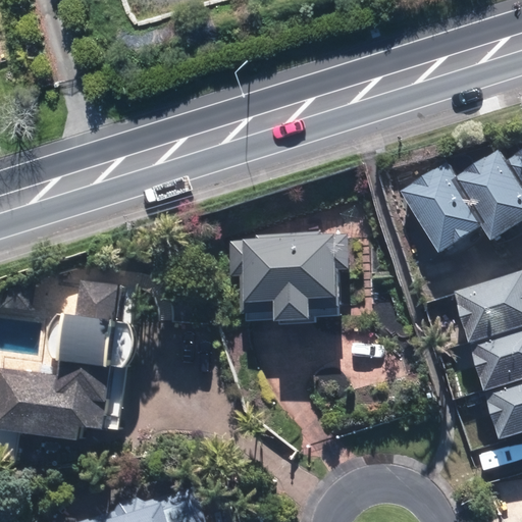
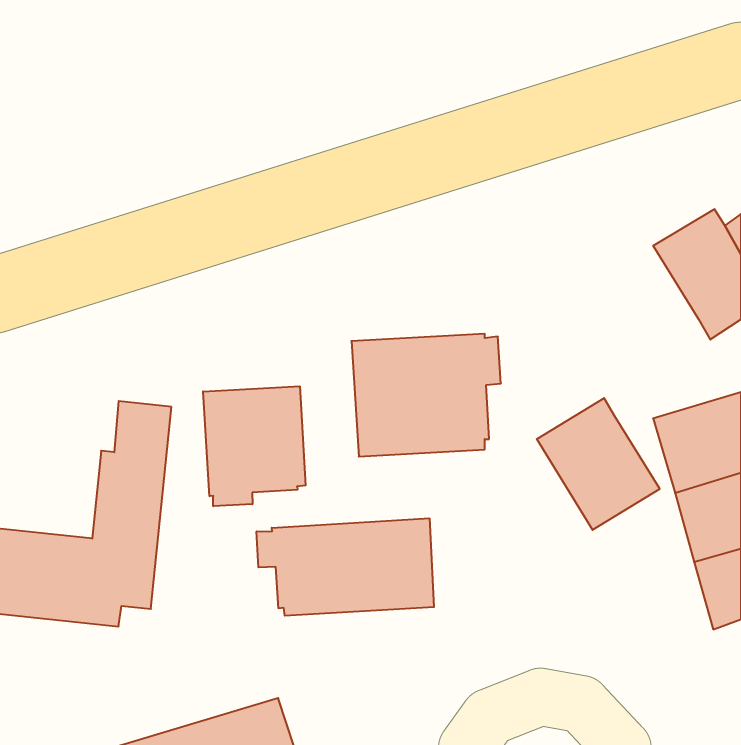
building: [401,161,486,253] -> [537,398,660,530]
building: none -> [203,386,306,506]
building: none -> [257,518,434,616]

